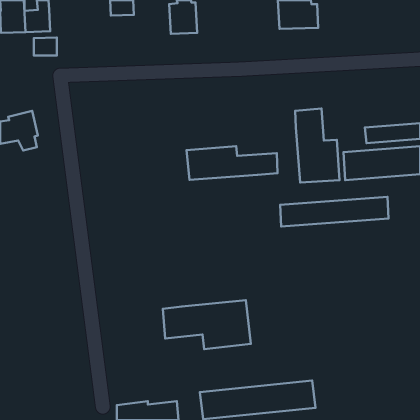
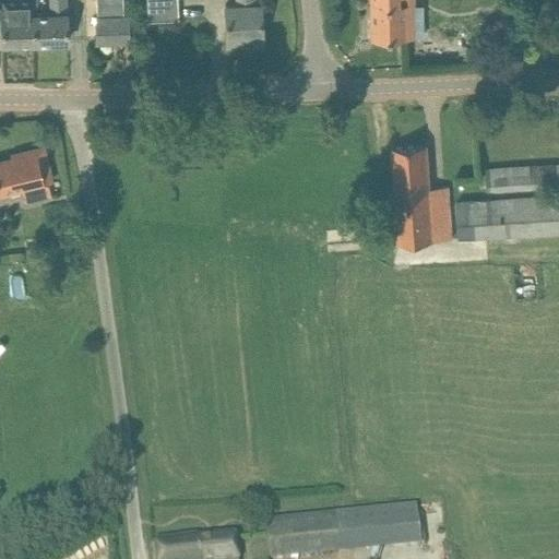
building: [34,37,57,55] -> [96,16,127,40]
building: [187,146,278,180] -> none
building: [280,197,389,227] -> none
building: [163,300,251,349] -> none

